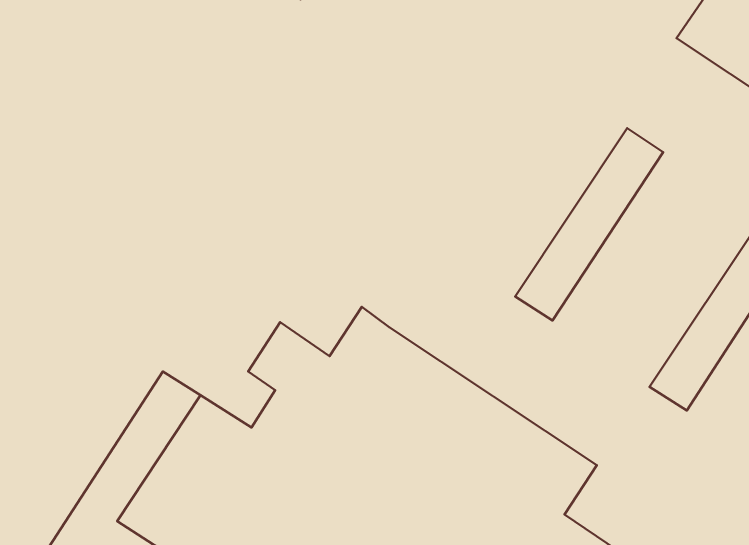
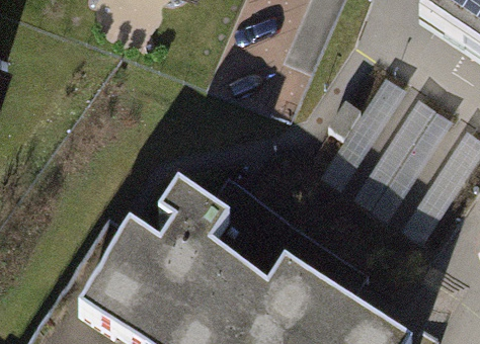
building: none -> [355,100,454,222]

